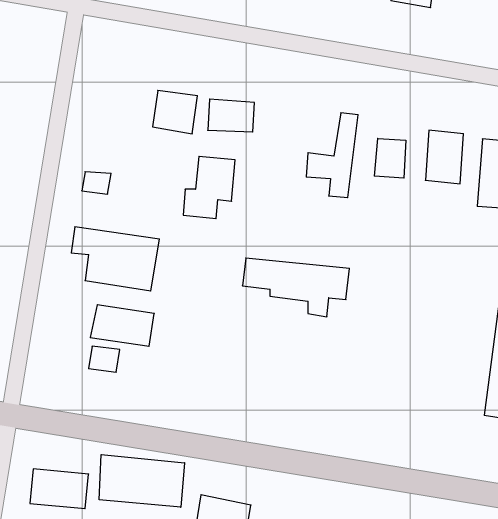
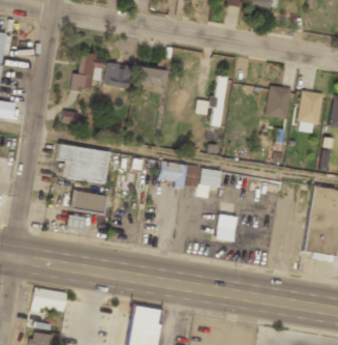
building: [374,138,406,178] -> none
building: [183,156,235,219] -> [72,54,103,91]
building: none -> [215,214,237,241]
building: [99,455,185,507] -> none

